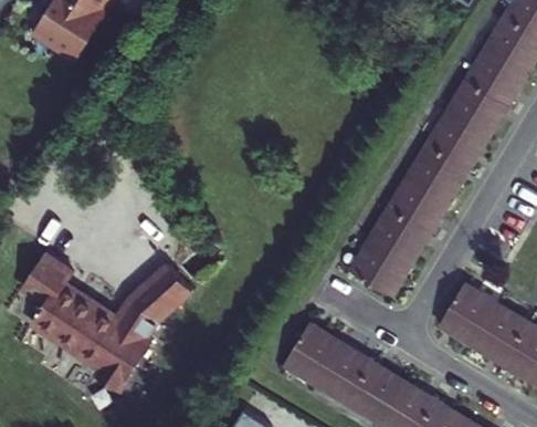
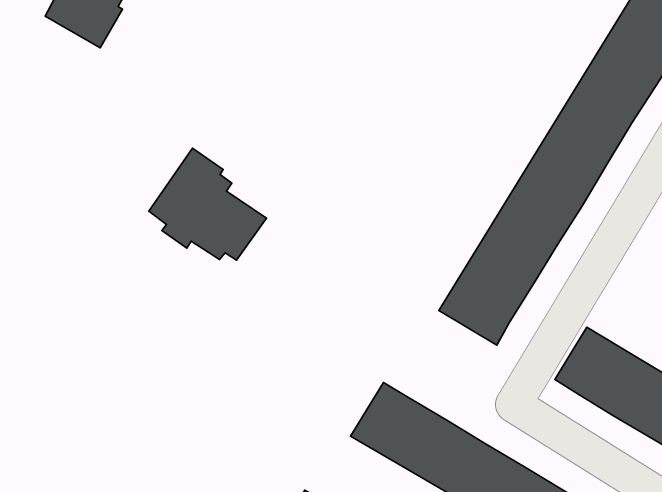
building: none -> [149,148,266,260]
building: [12,256,181,395] -> none

